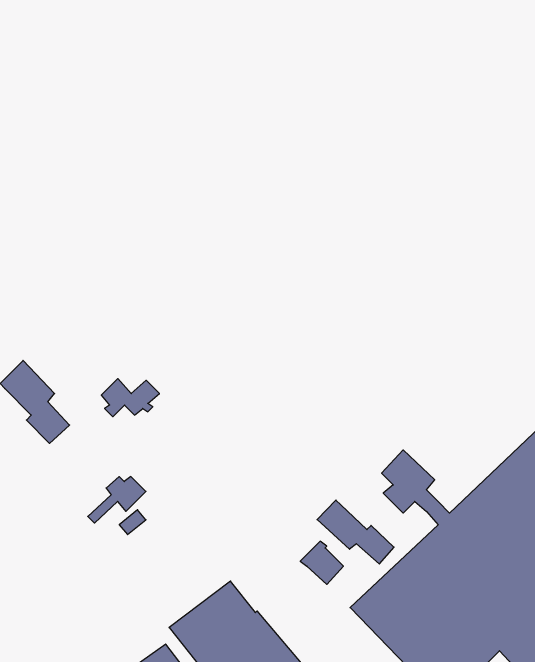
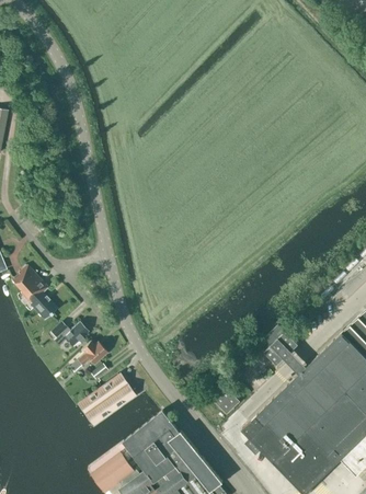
building: [101,379,159,417] -> [50,321,89,346]
building: [317,500,394,564] -> none
building: none -> [78,374,135,425]

